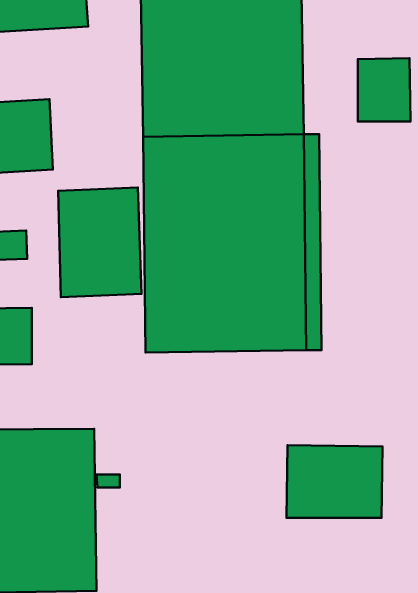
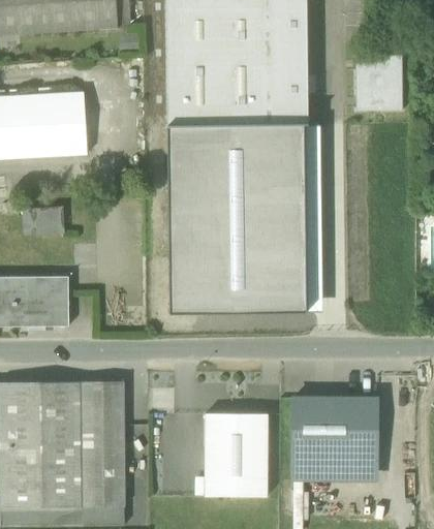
building: [58,187,142,297] -> none
building: none -> [205,412,268,496]
building: none -> [292,460,376,479]

